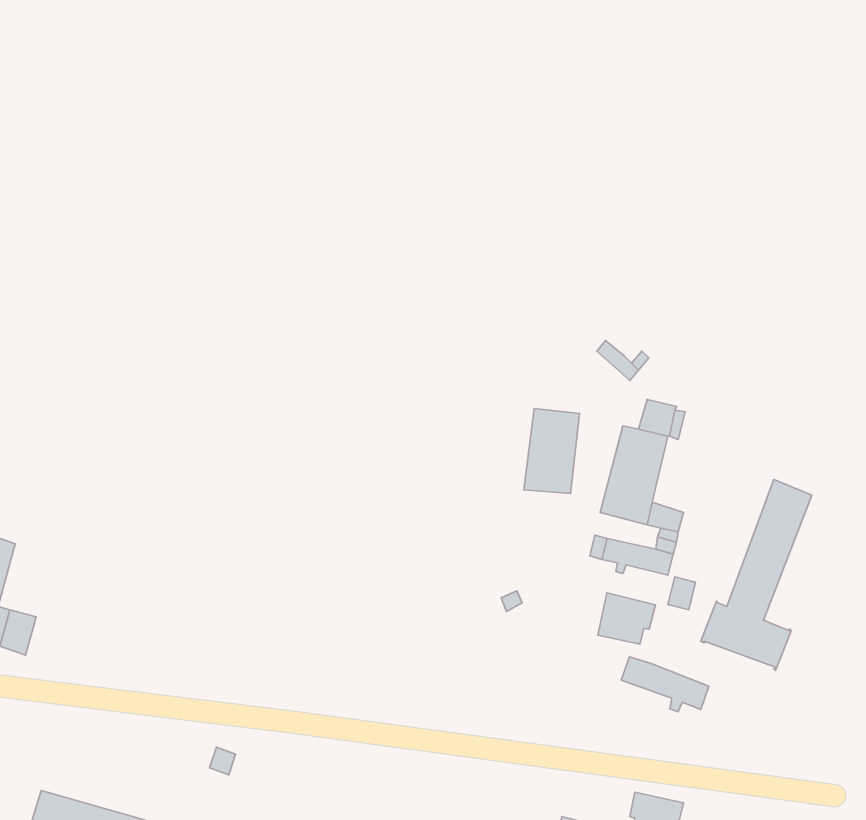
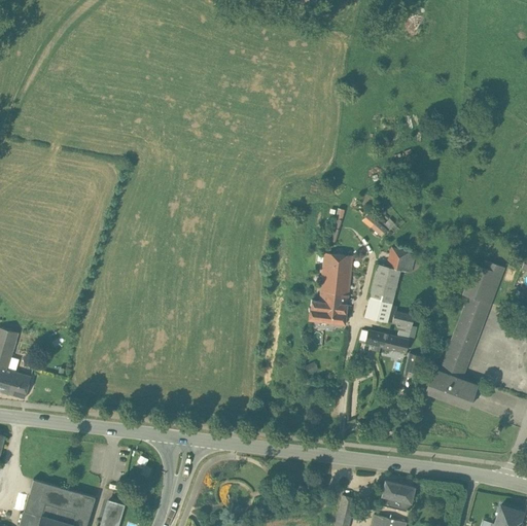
building: none -> [462,260,504,306]
building: none -> [309,302,347,324]
building: [598,593,655,644] -> none
building: [621,657,709,712] -> none

